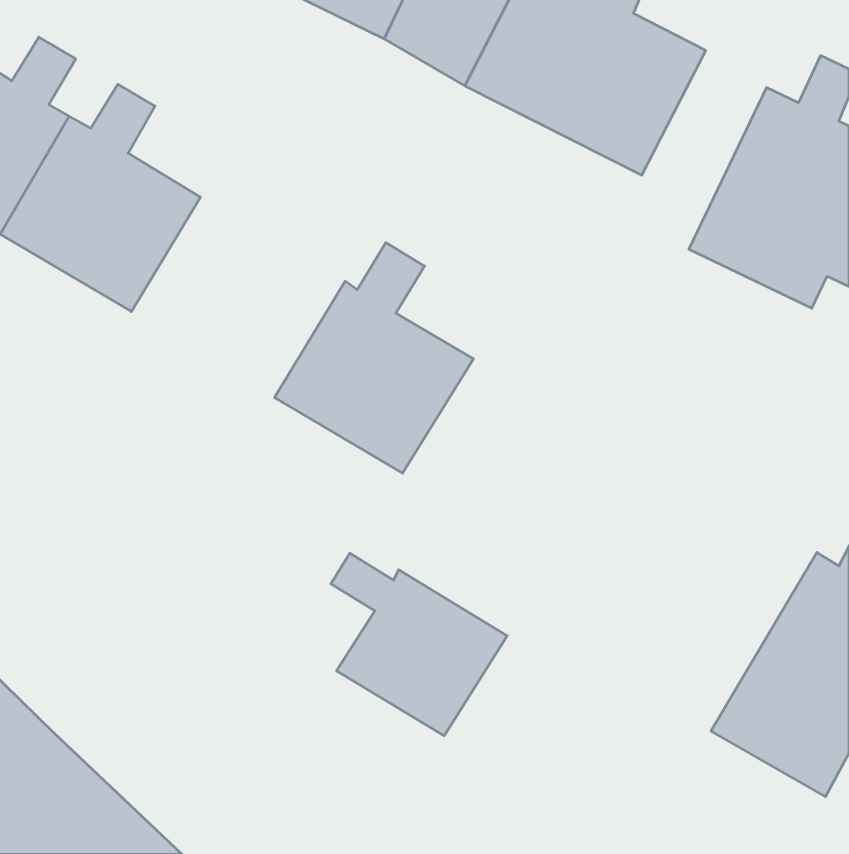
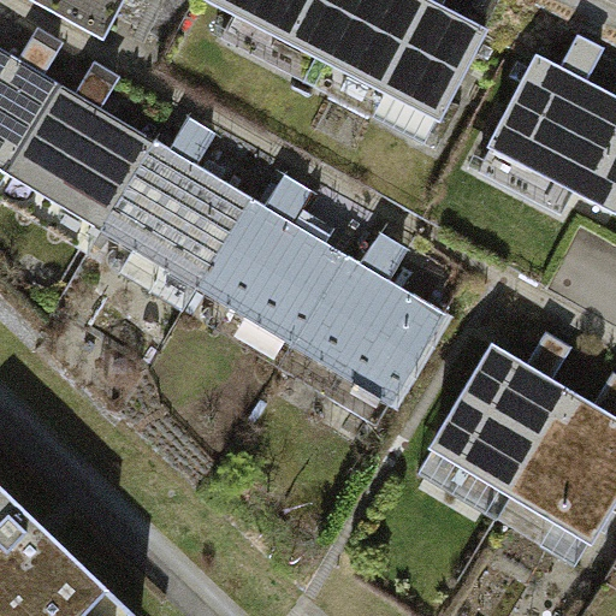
building: none -> [94,118,247,284]
building: none -> [288,231,437,398]
building: none -> [427,338,584,522]
building: [331,553,507,736] -> none

